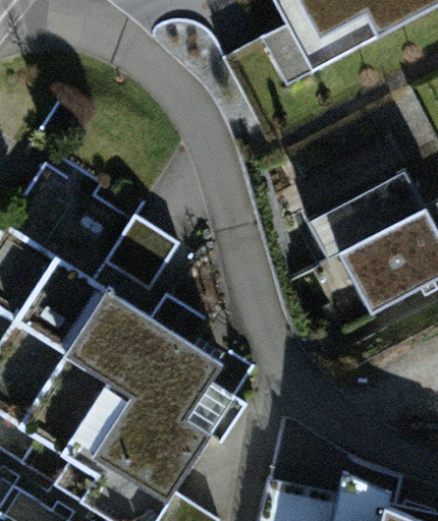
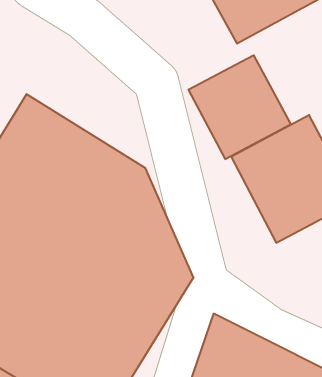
building: none -> [189,55,291,159]

